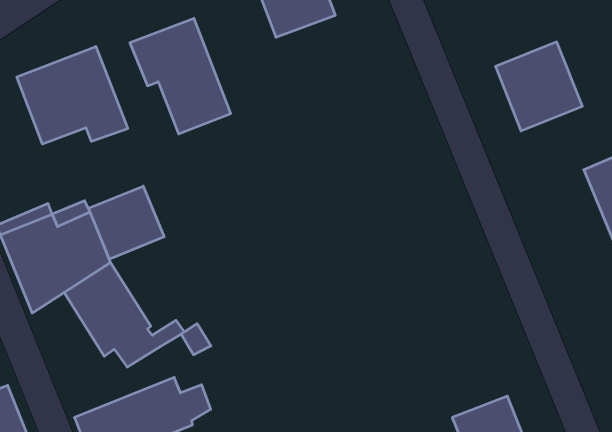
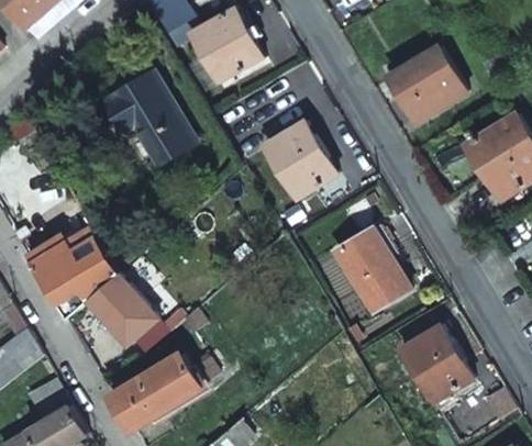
building: [17,46,128,144] -> none
building: none -> [261,122,332,197]
building: [89,186,164,259] -> none
building: none -> [331,224,406,311]

